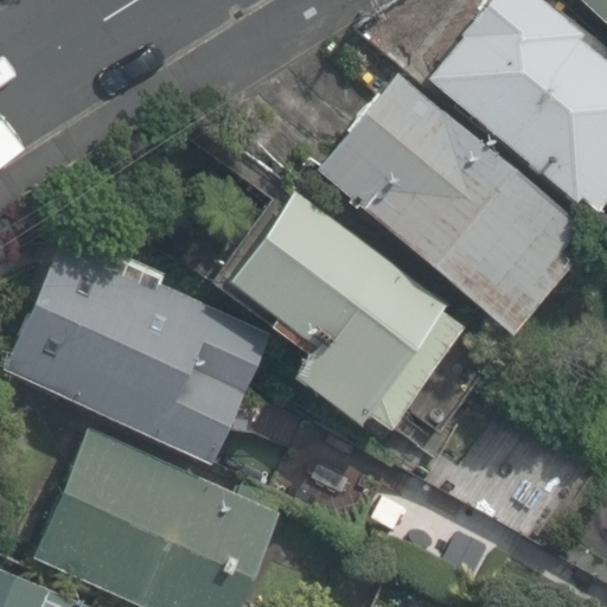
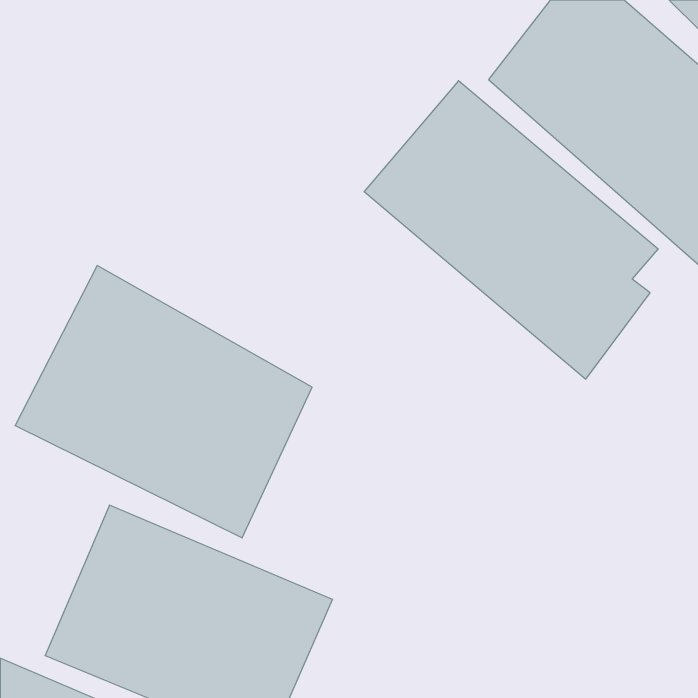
building: [221,187,465,434] -> none

